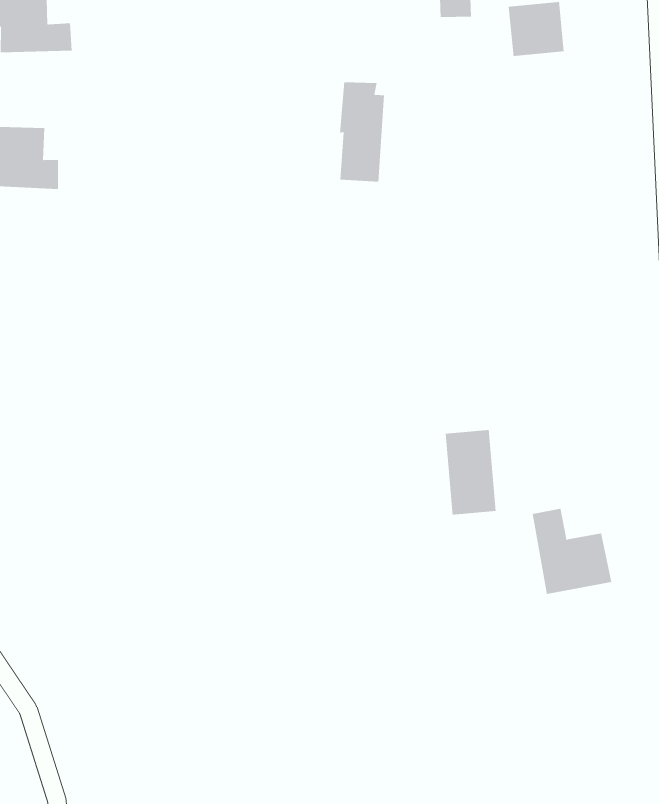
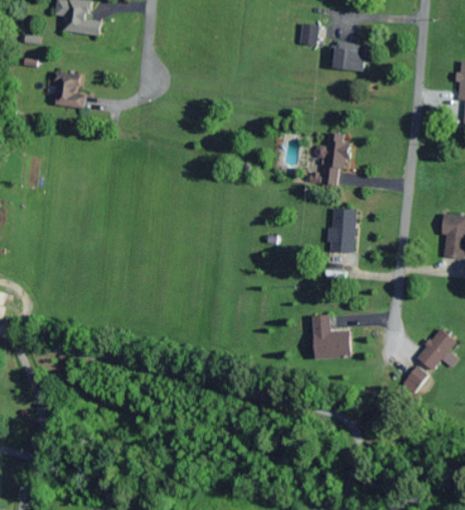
building: [339,82,385,182] -> [318,131,348,187]
building: [445,429,496,515] -> [329,207,356,252]

